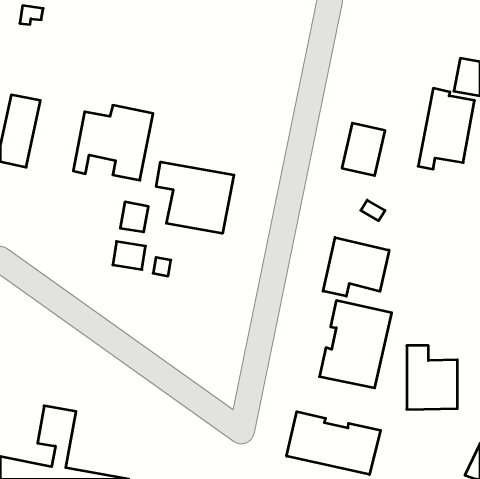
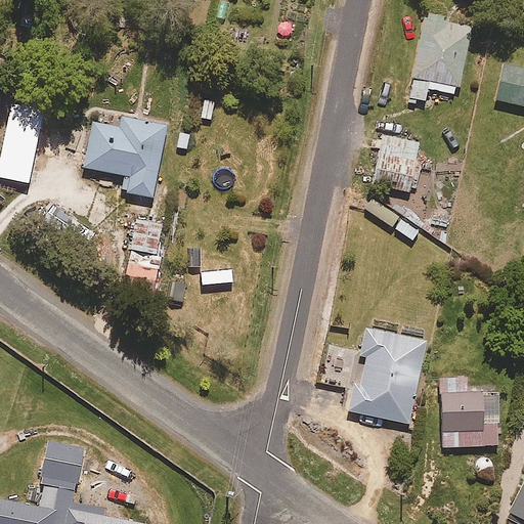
building: [418,88,475,169] -> [409,12,471,100]
building: [156,162,234,233] -> none
building: [323,237,389,296] -> none
building: [287,412,381,475] -> none

